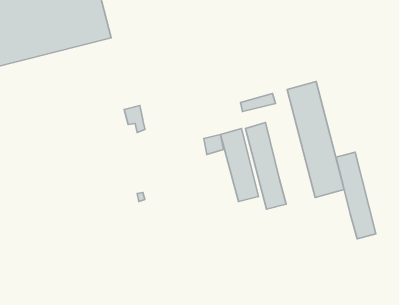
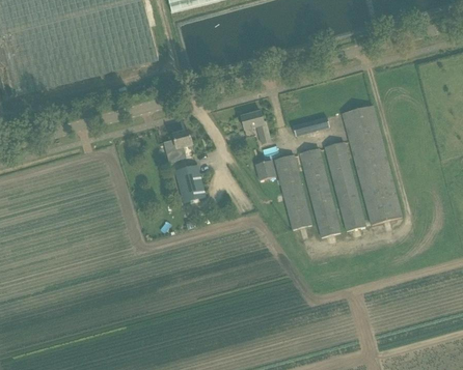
building: none -> [241,111,271,144]
building: none -> [175,164,206,202]
building: [336,152,376,239] -> [325,141,366,231]

